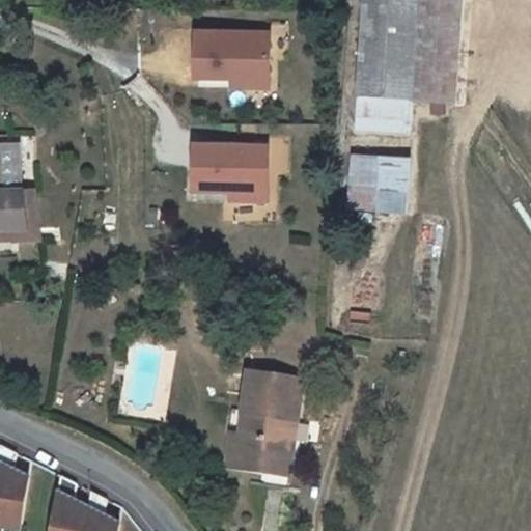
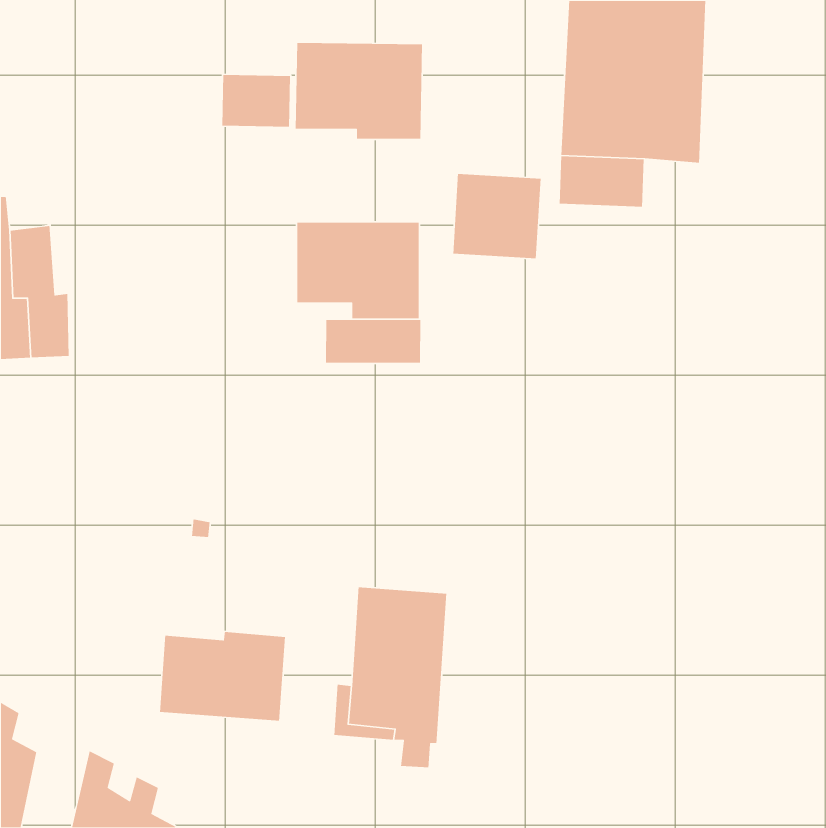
building: none -> [221,74,291,127]
building: [354,155,411,209] -> [452,173,541,259]
building: none -> [325,319,421,364]
building: none -> [159,631,286,722]

